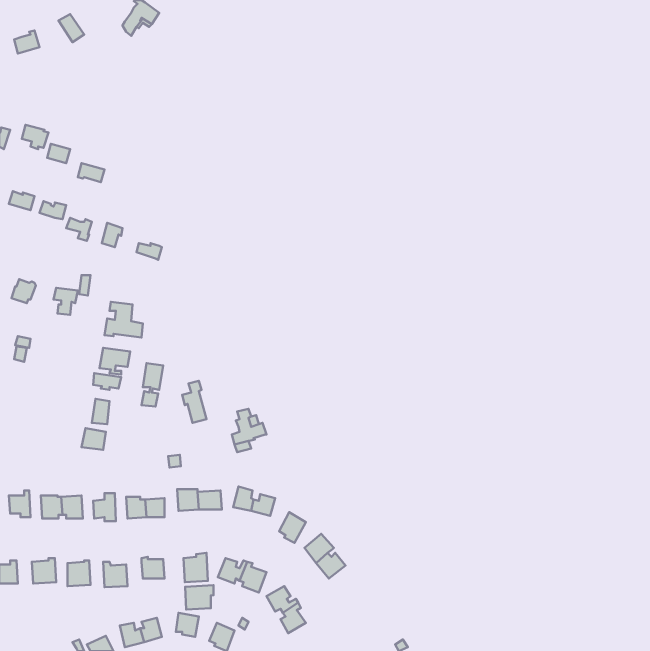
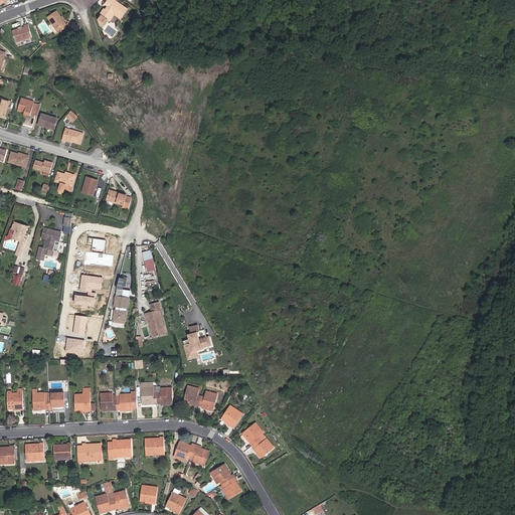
building: [185,585,214,610] -> none

